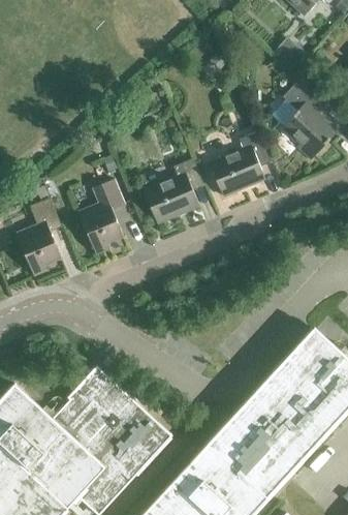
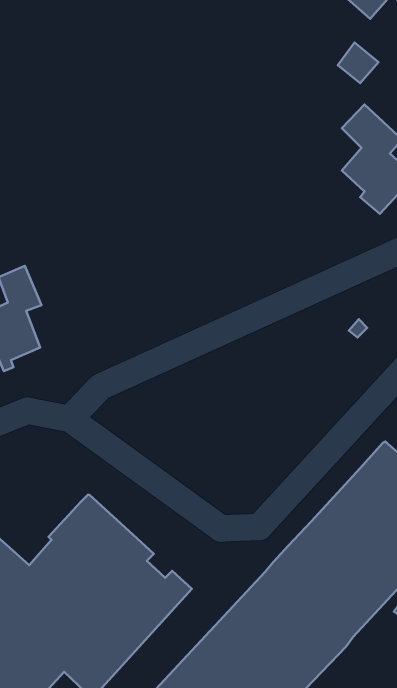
building: [210,132,272,196] -> none
building: [144,159,204,224] -> none
building: [78,180,125,254] -> none

